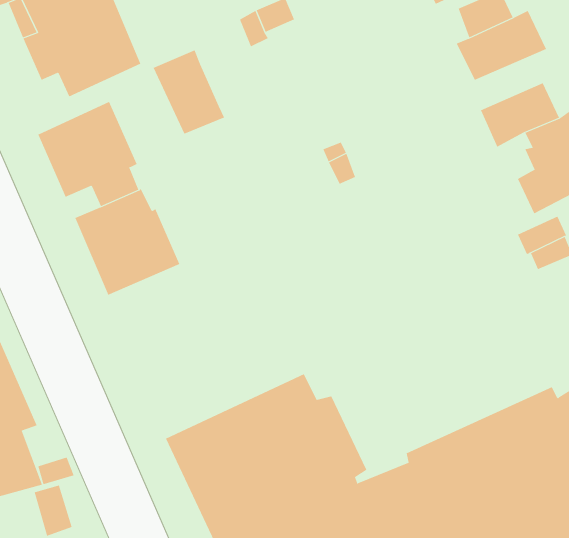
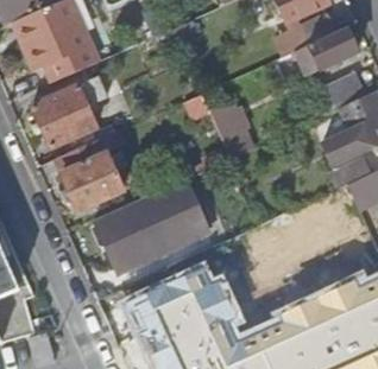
building: [153,50,225,134] -> none
building: none -> [95,179,209,274]

